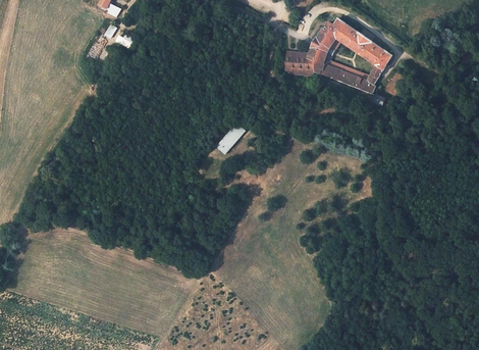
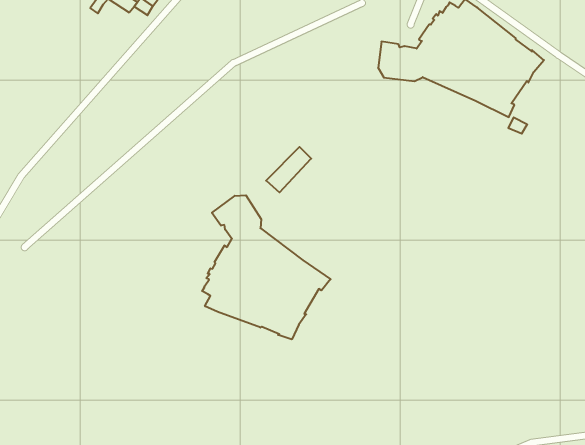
building: none -> [202,195,331,339]

